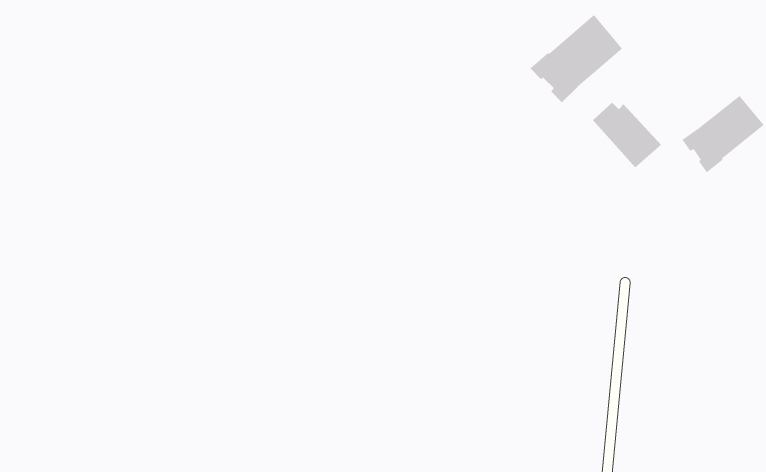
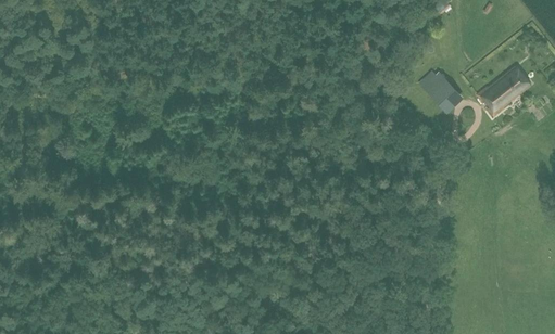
building: [530,14,623,103] -> none

